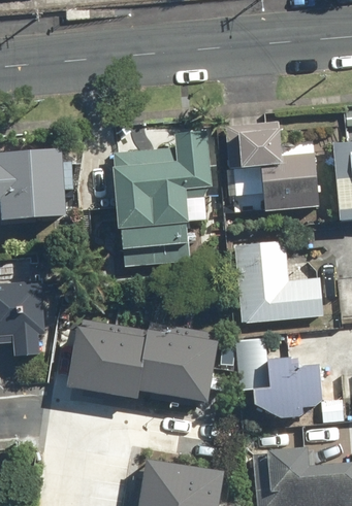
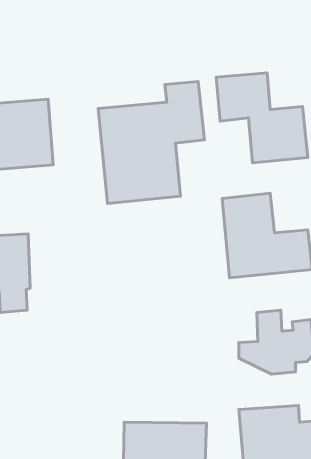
building: [65,327,204,402] -> none

